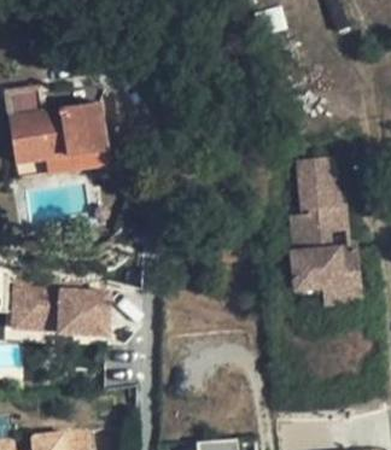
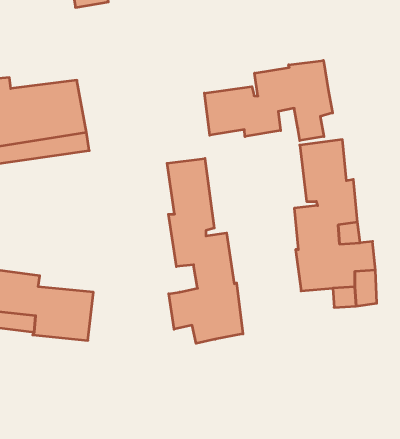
building: none -> [204,60,333,141]
building: none -> [167,158,243,343]

